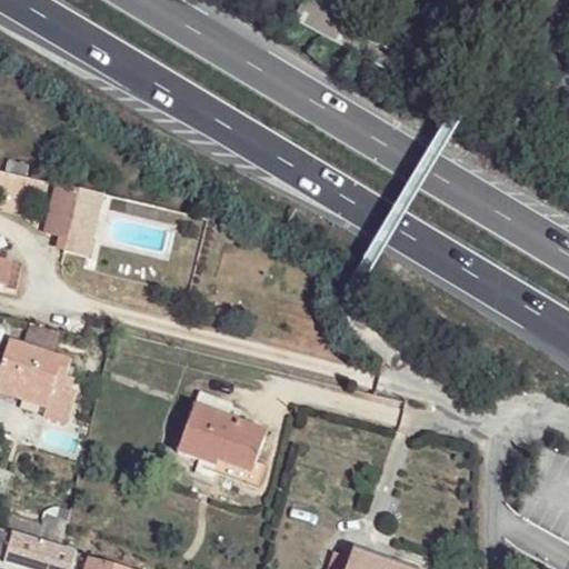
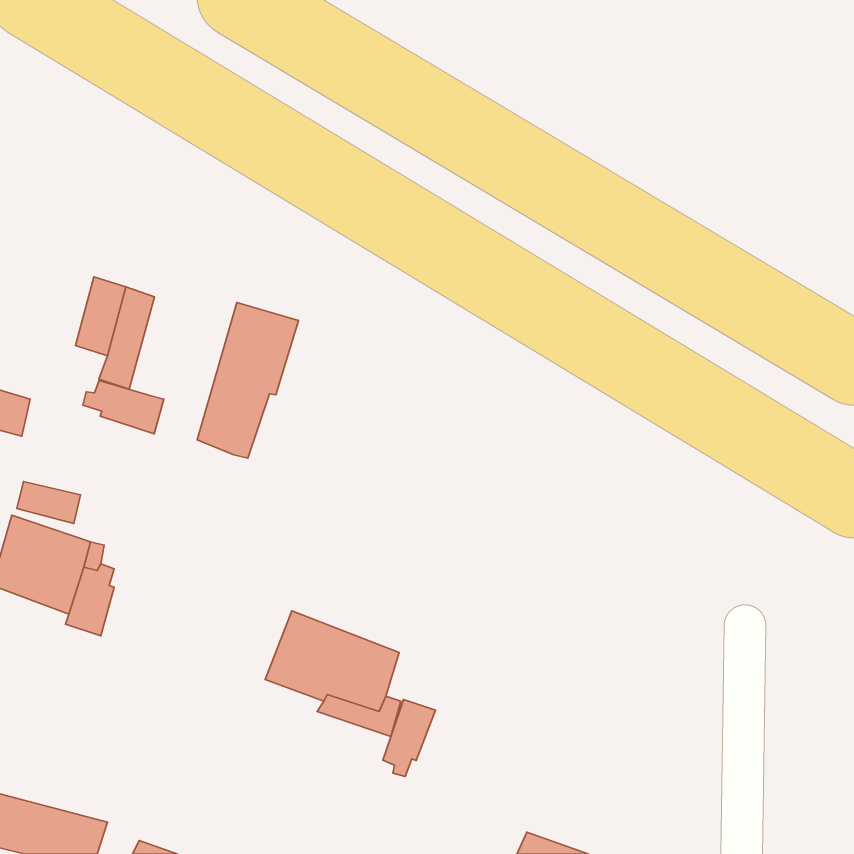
building: none -> [197,303,298,458]
building: none -> [83,380,164,434]
building: none -> [383,700,436,777]

